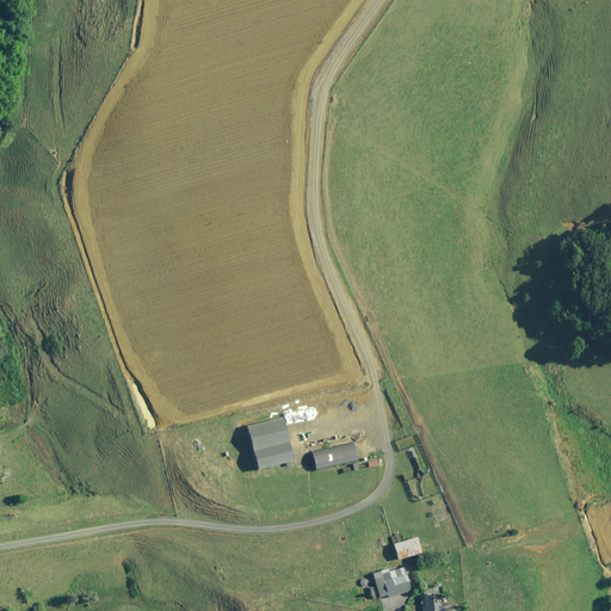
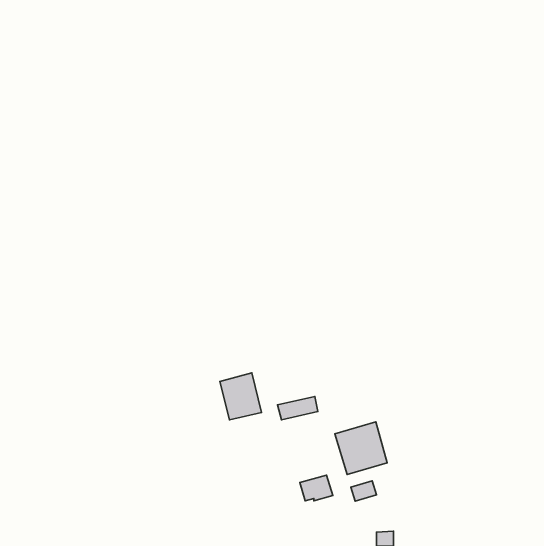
building: none -> [335,422,387,475]
building: [374,568,411,597] -> [300,475,333,501]

